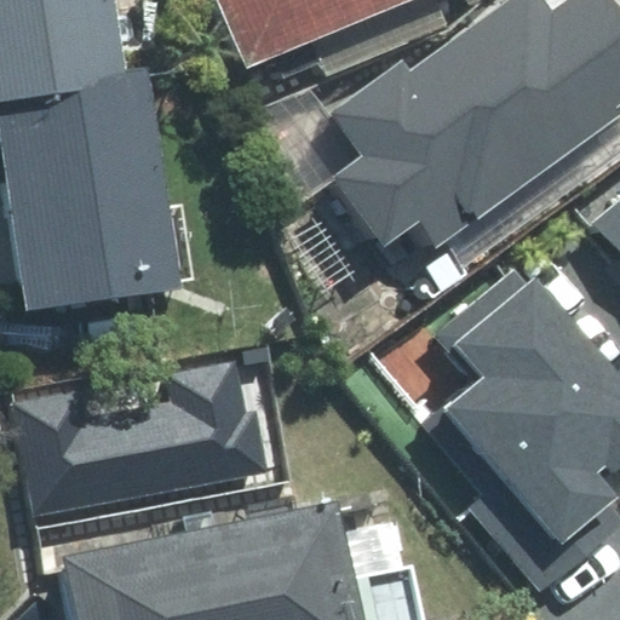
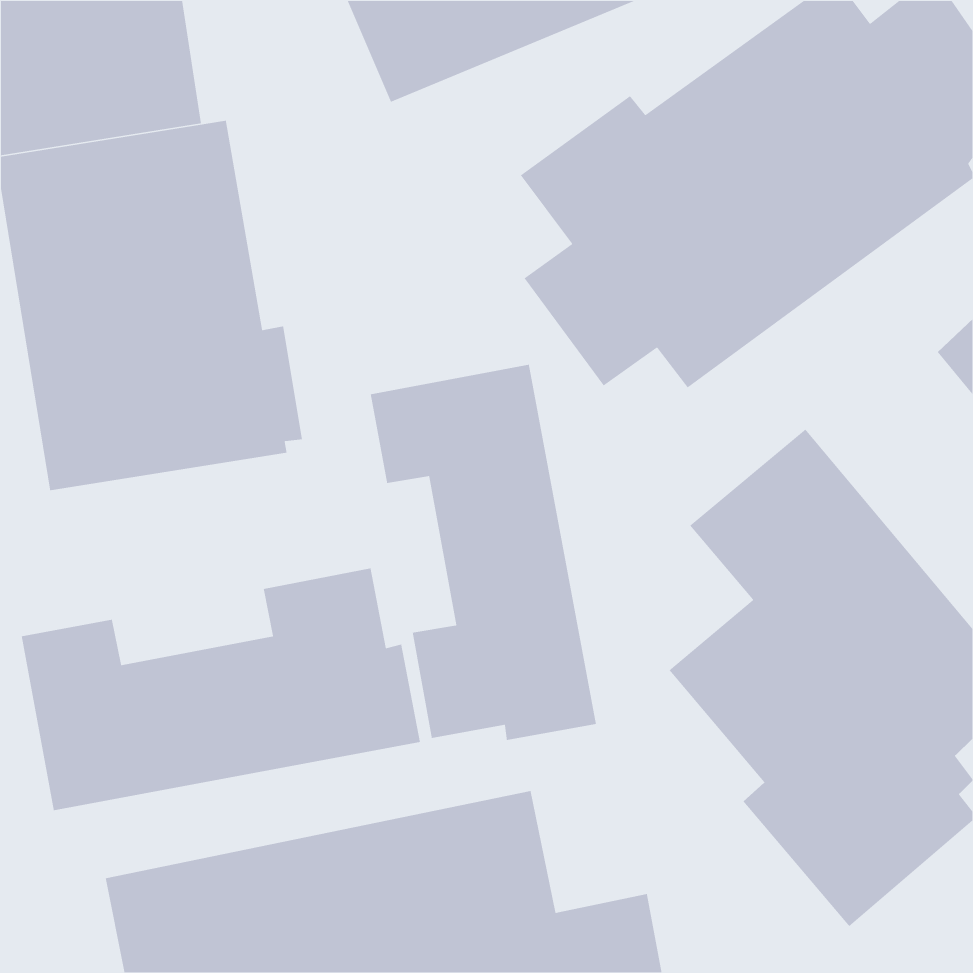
building: none -> [370,364,597,741]

